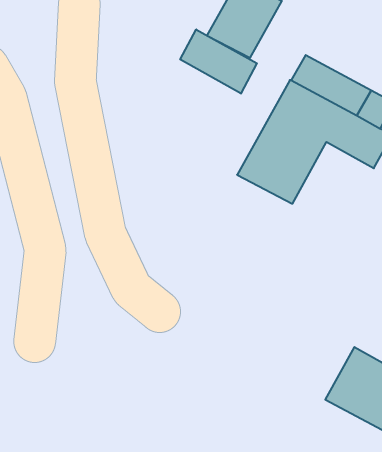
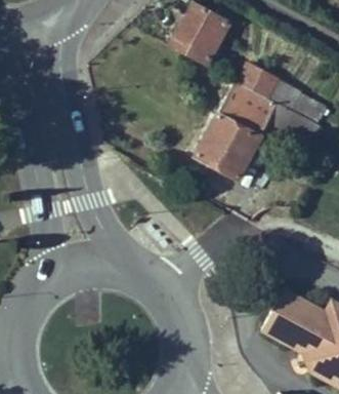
building: [180,29,257,94] -> none

